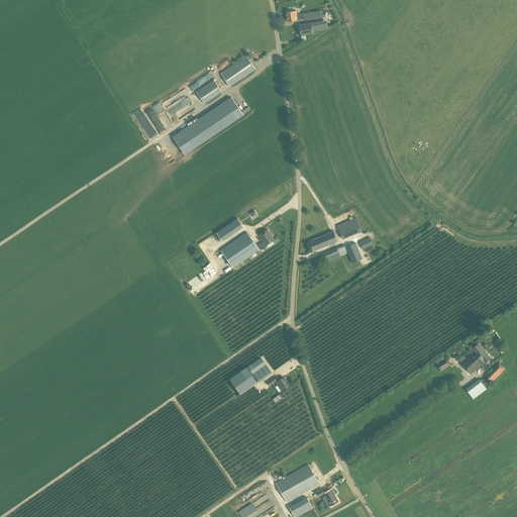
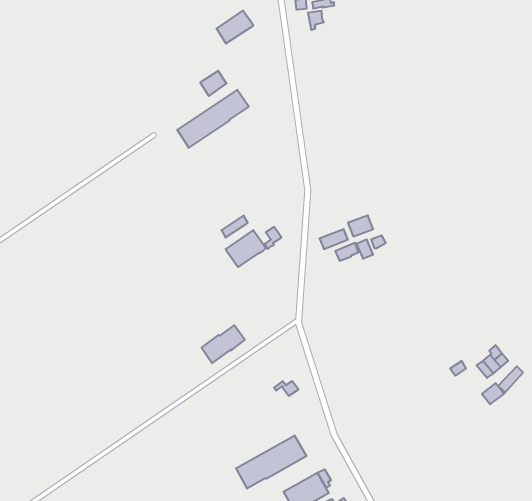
building: [219,56,254,87] -> [216,11,253,43]
building: [228,357,270,394] -> [202,325,245,363]
building: none -> [236,435,306,489]

